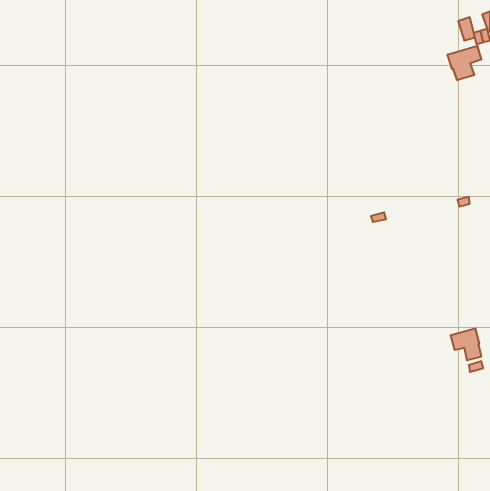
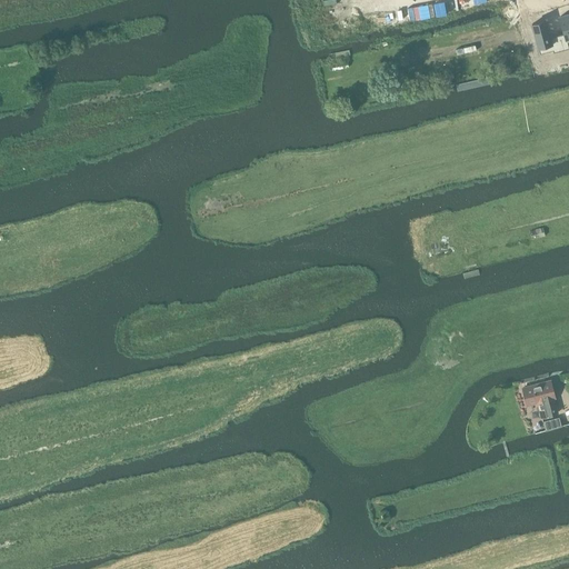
building: [447,46,481,80] -> none

